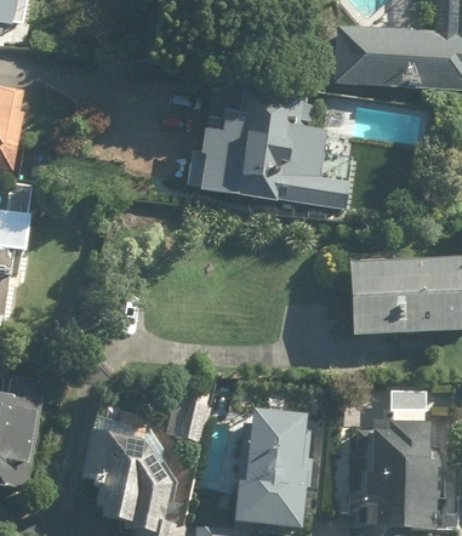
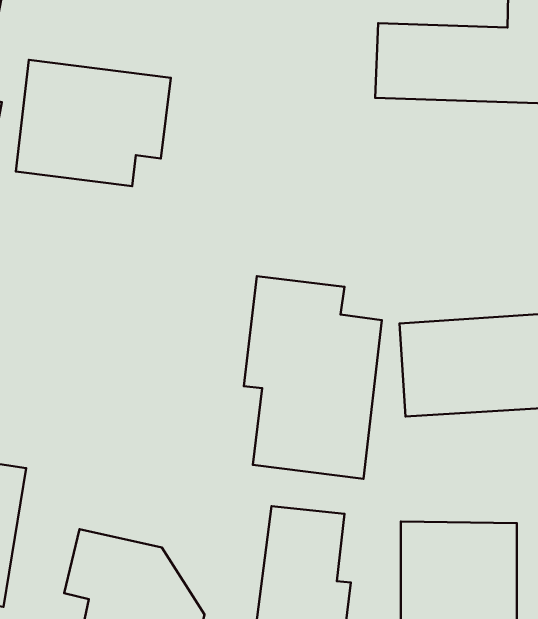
building: none -> [16,60,171,186]
building: [196,86,353,206] -> none
building: none -> [244,276,382,479]

